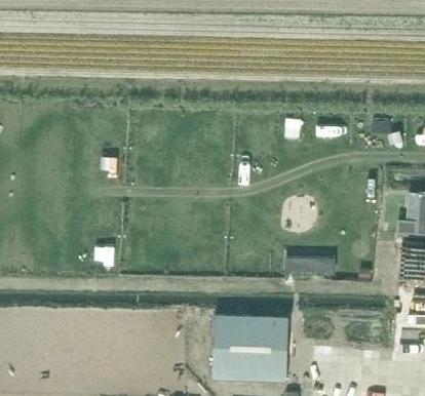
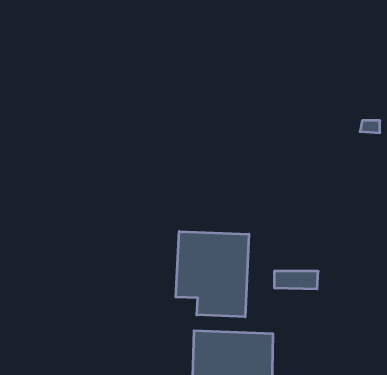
building: none -> [176,231,249,317]

